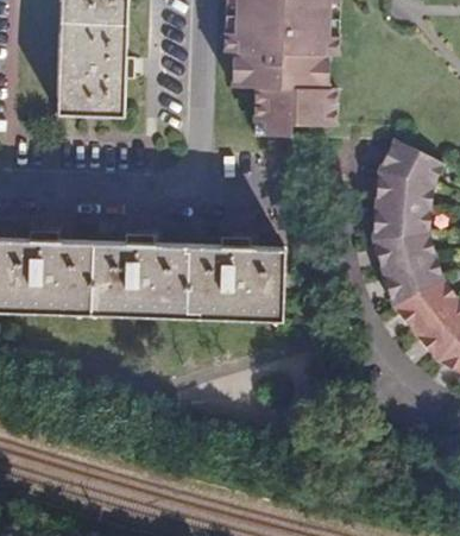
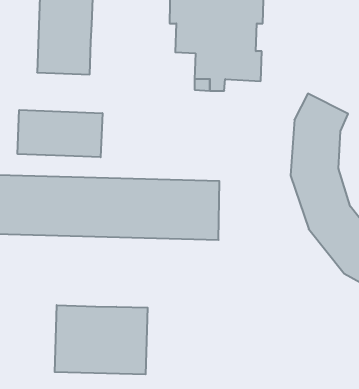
building: none -> [18,110,102,157]
building: none -> [55,305,148,374]

